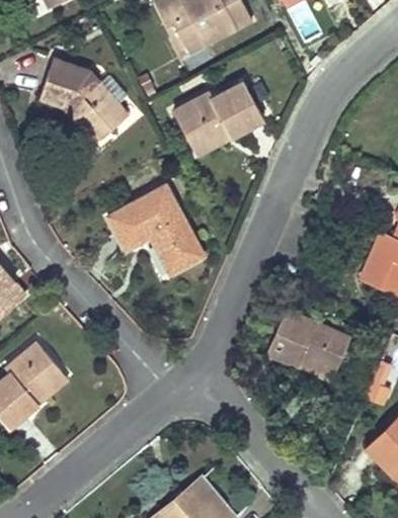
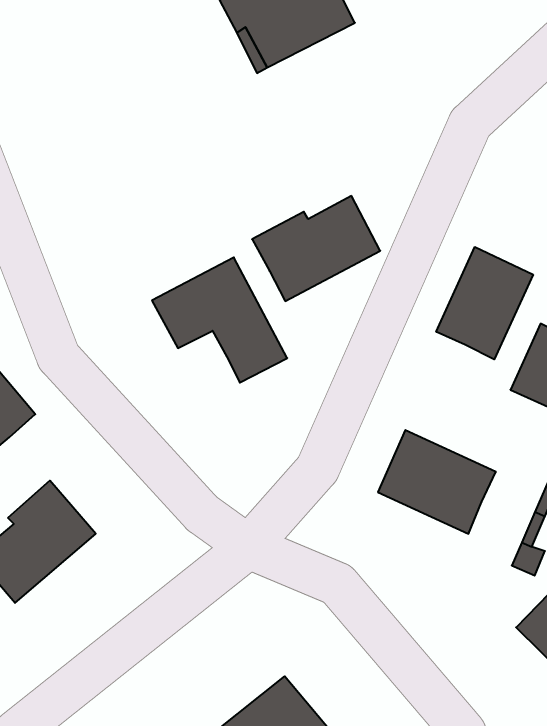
building: [42,60,132,140] -> none
building: [174,82,264,156] -> [252,196,380,301]
building: none -> [436,247,533,359]

